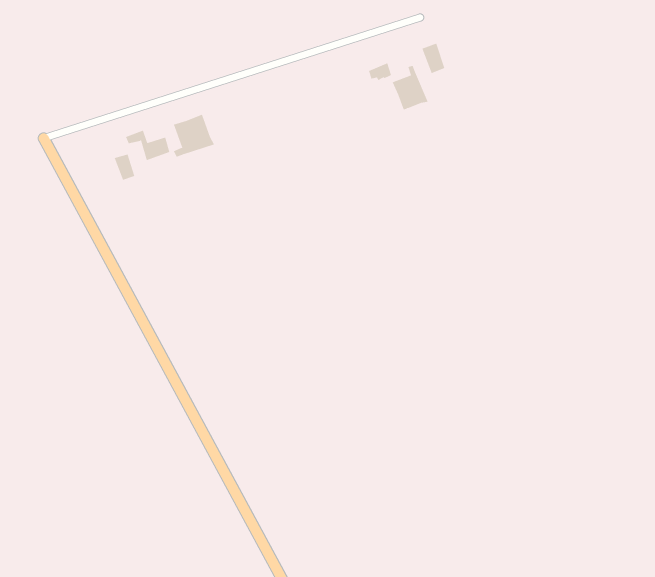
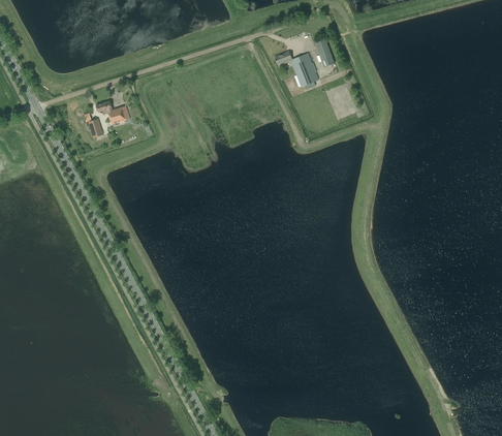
building: [173,114,215,157] -> none

